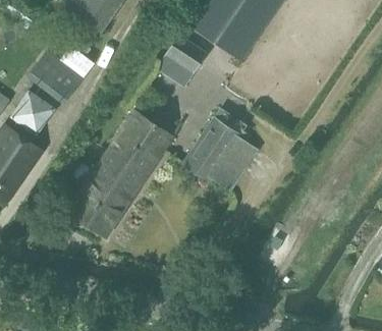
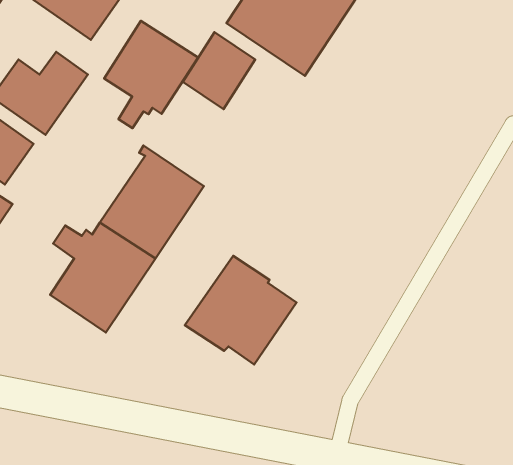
building: none -> [104,21,198,128]
building: [182,116,258,189] -> [185,256,297,364]

